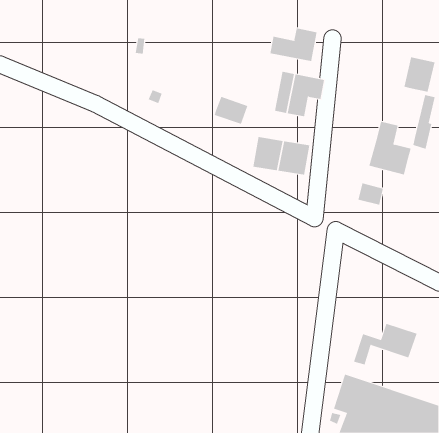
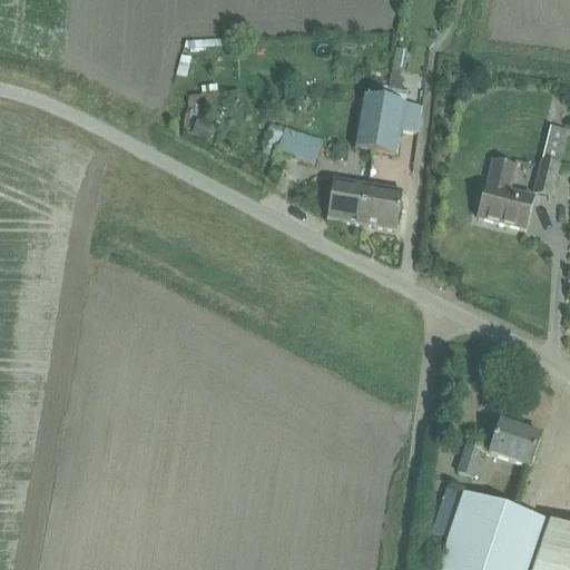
building: [270,28,317,62] -> none
building: [404,57,435,92] -> none
building: [358,183,384,206] -> none

